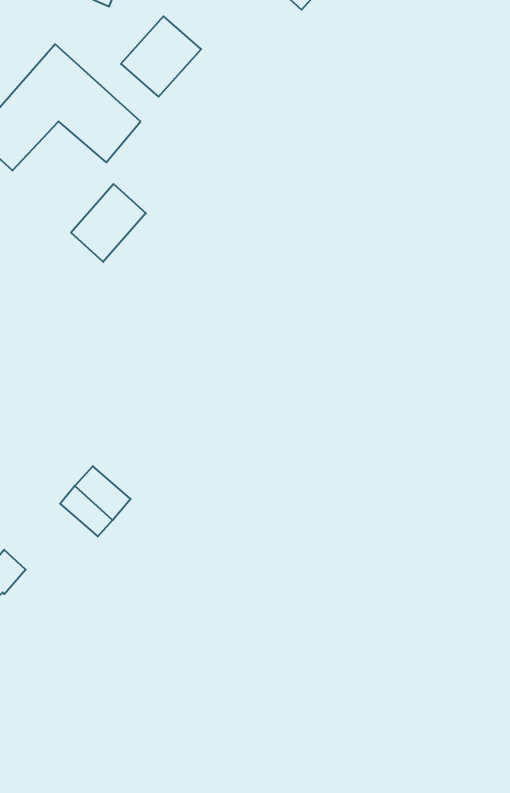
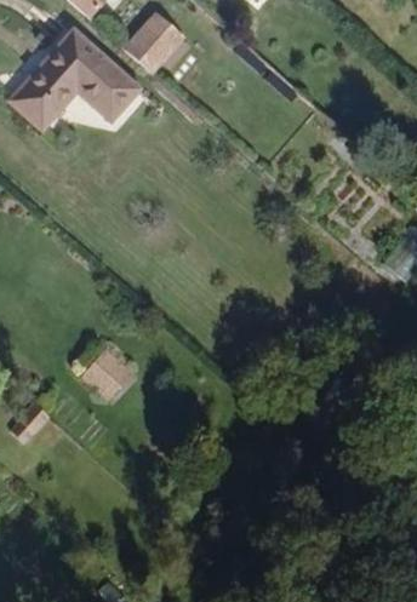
building: [71,184,146,262] -> none

